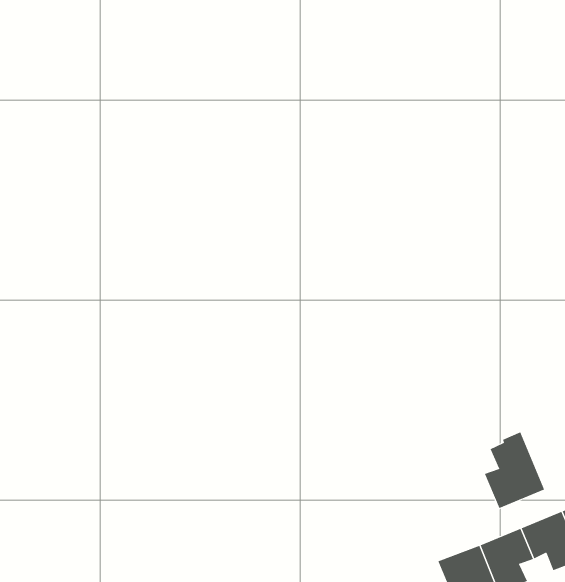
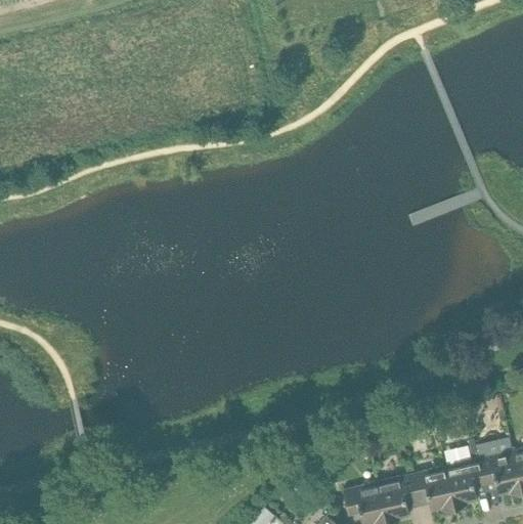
building: [484,432,545,509] -> none

